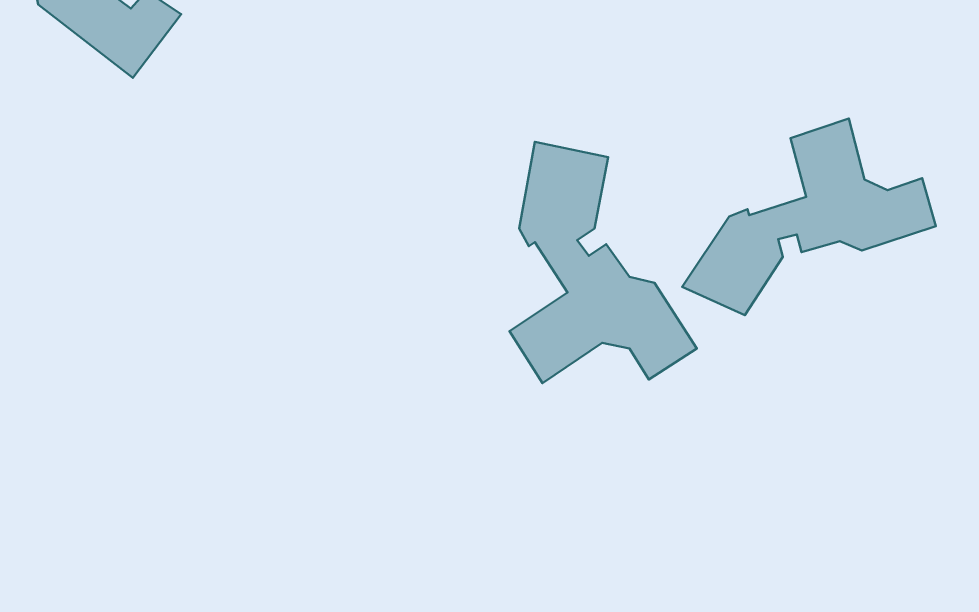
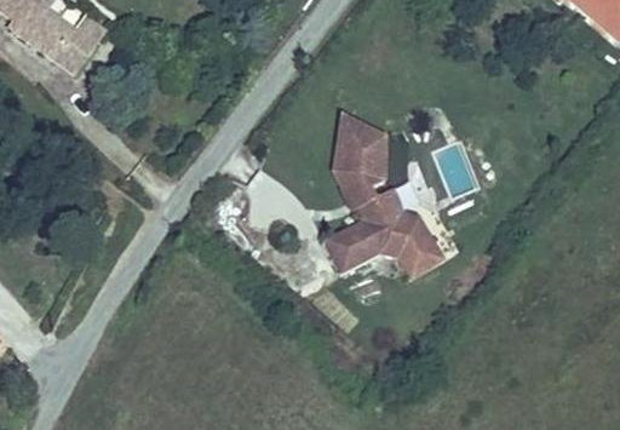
building: [682,119,936,315] -> none

